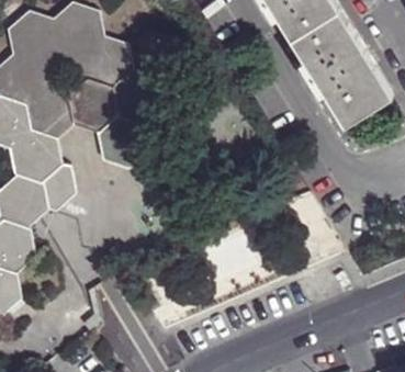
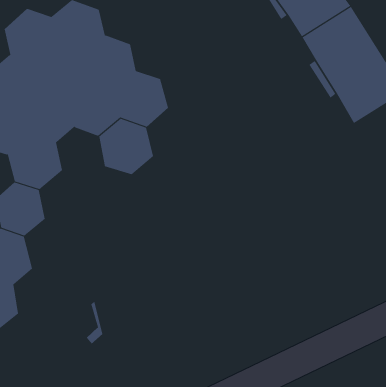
building: [40,165,74,212] -> none

